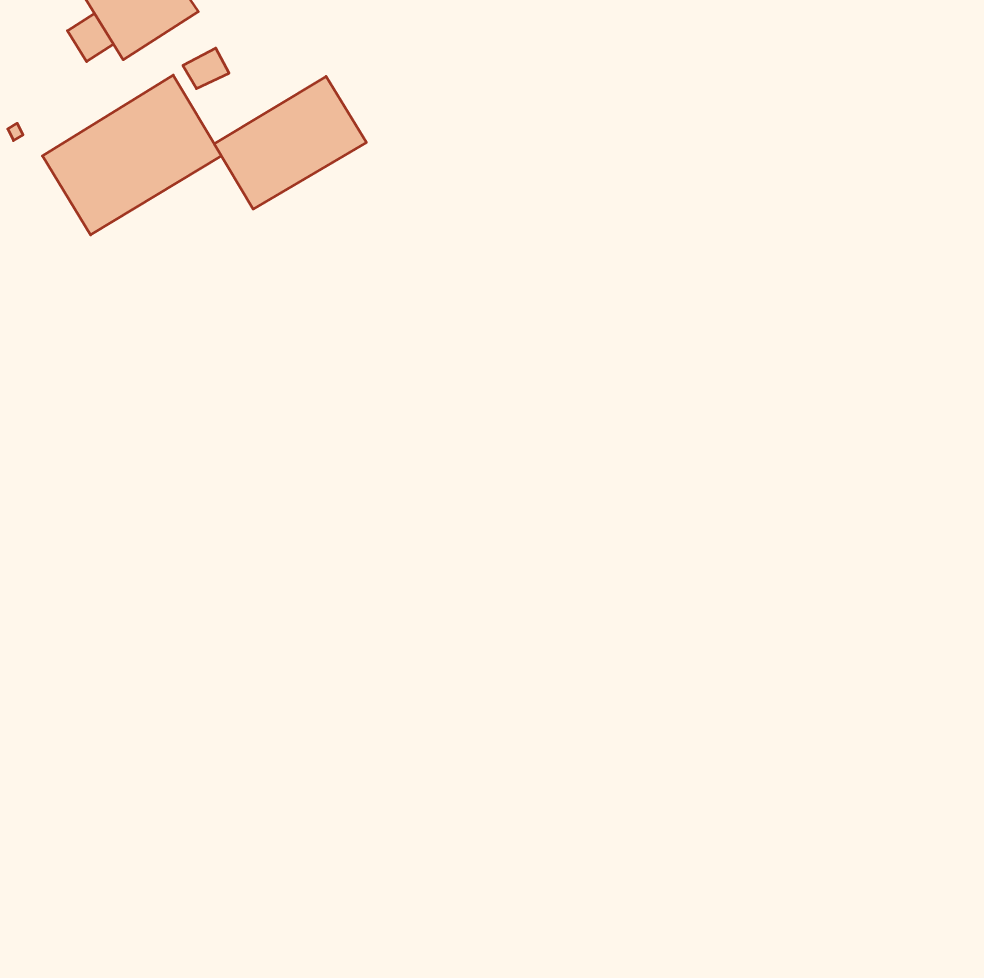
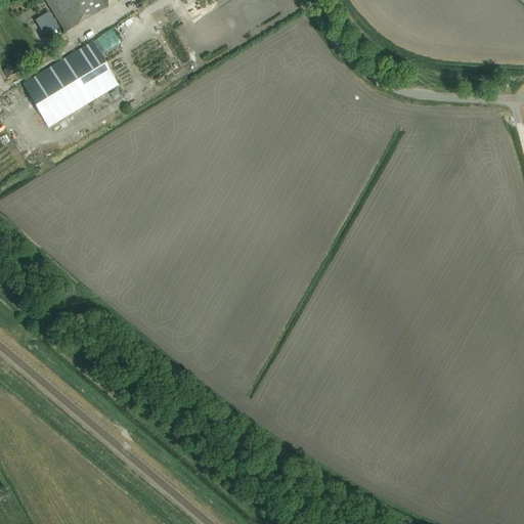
building: [214,76,366,209] -> none

